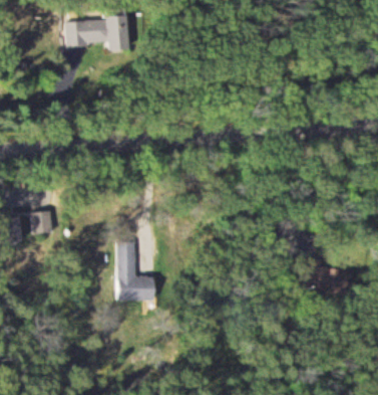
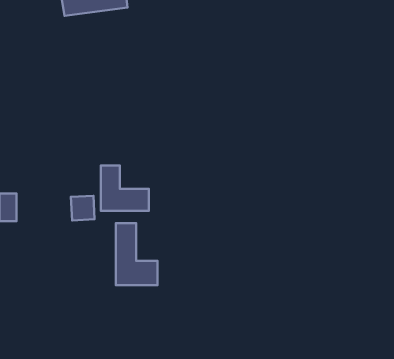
building: none -> [101,165,149,211]
building: [31,211,53,234] -> [71,196,94,220]

